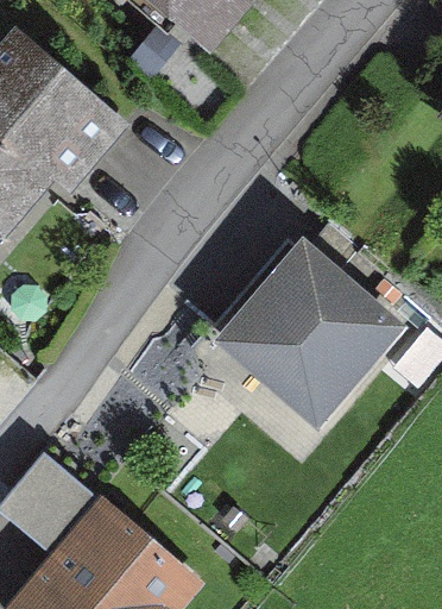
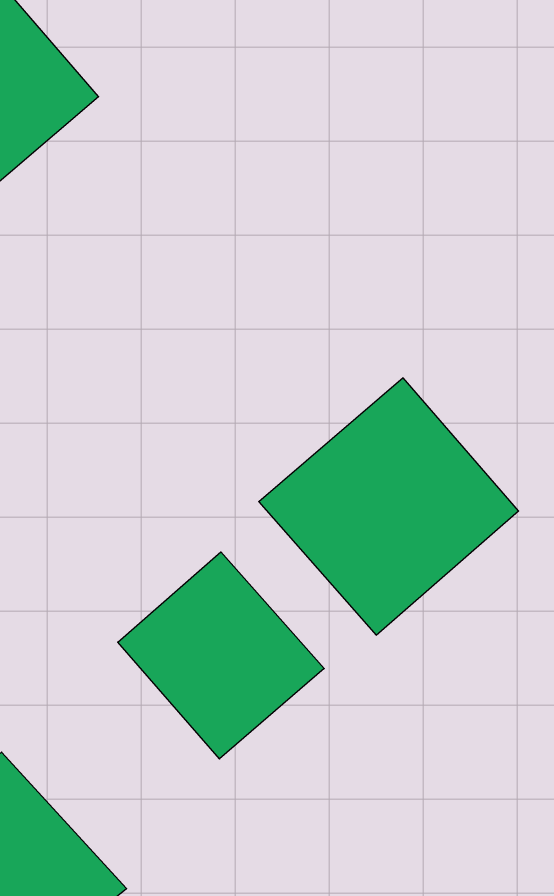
building: none -> [118,552,324,759]

